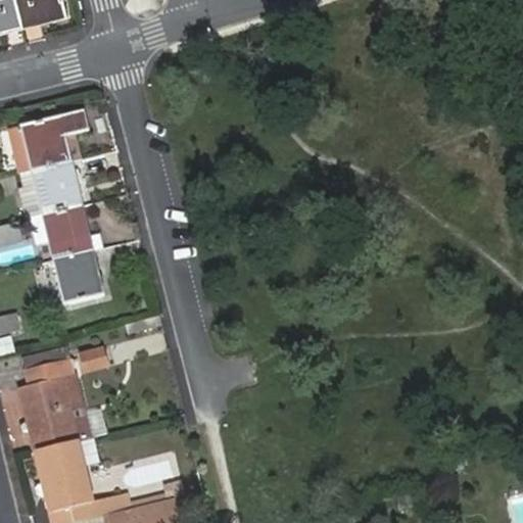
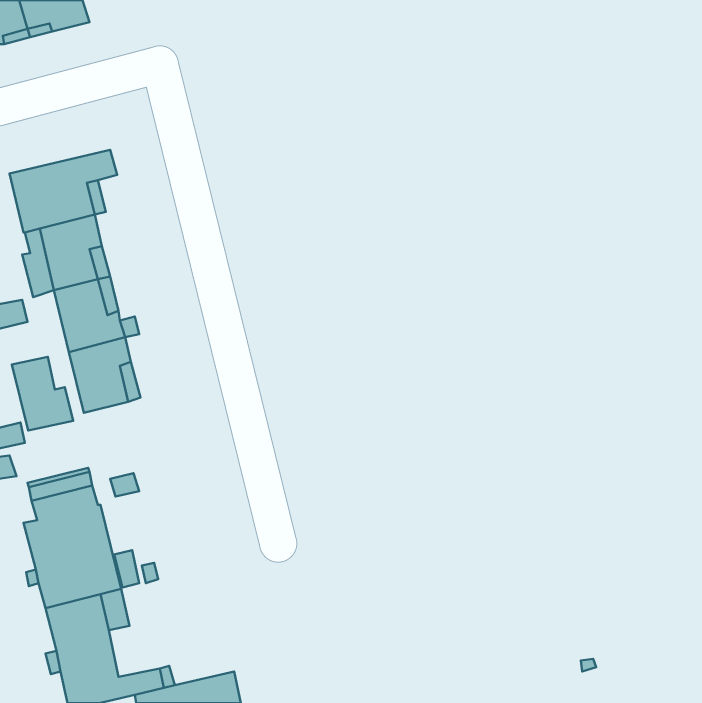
building: none -> [12,357,73,430]

